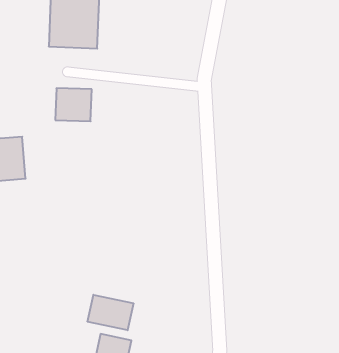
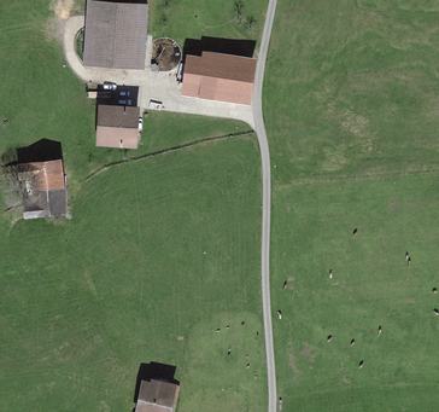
building: none -> [183,48,261,101]
building: [88,295,133,330] -> none

